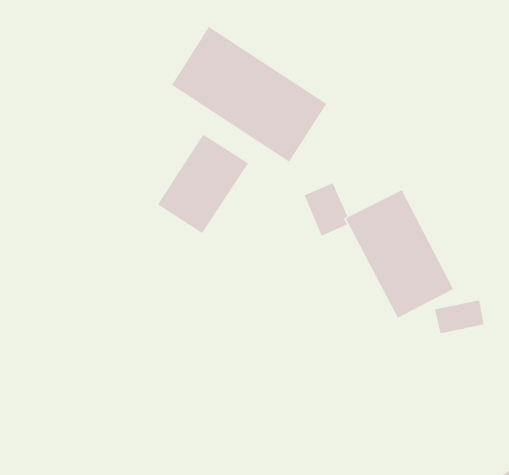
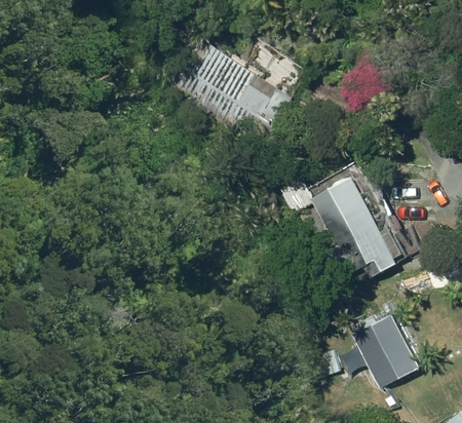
building: [157,134,249,234] -> none
building: none -> [353,313,421,388]

